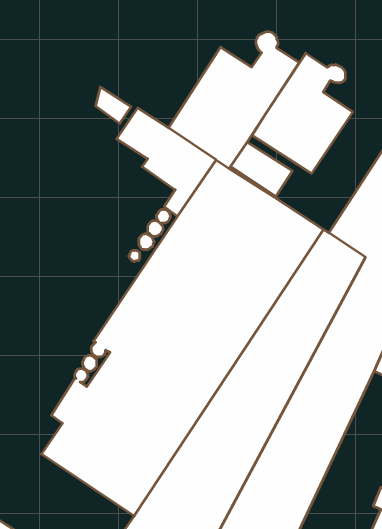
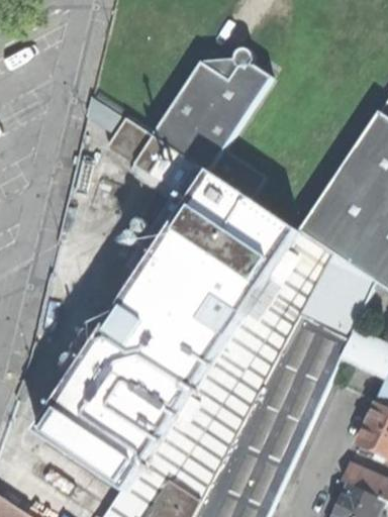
building: [252,53,353,173] -> none

